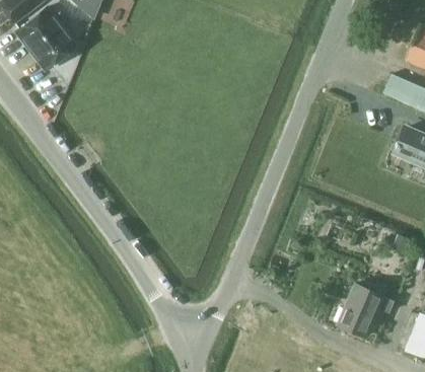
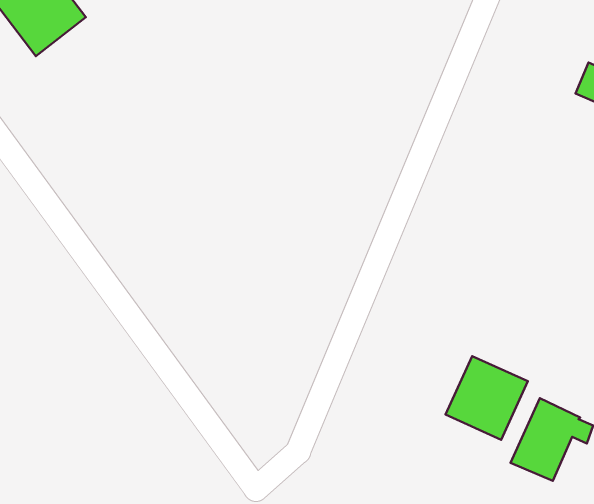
building: none -> [445,356,528,440]

